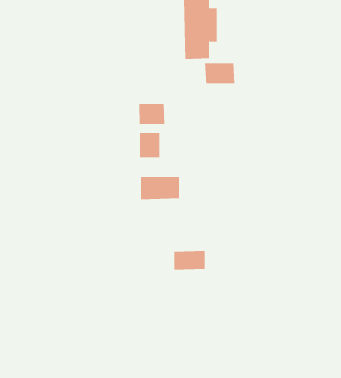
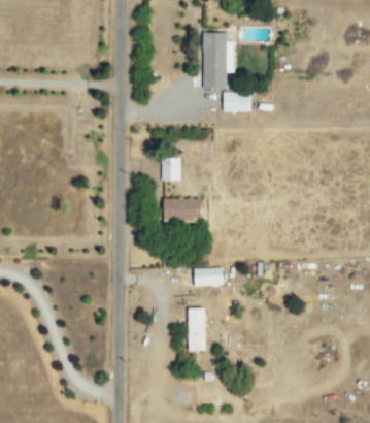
building: [139,103,165,125] -> none
building: none -> [188,307,205,351]

